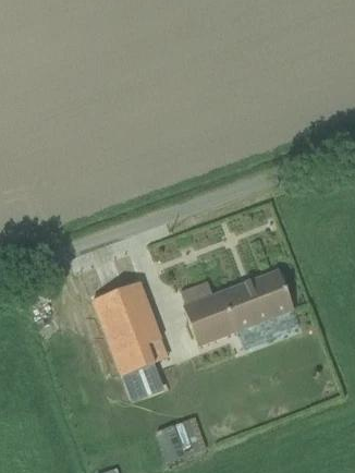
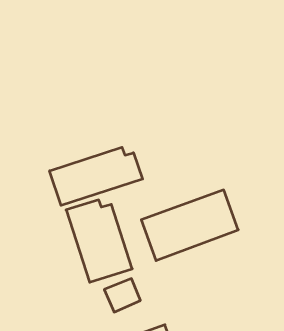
building: none -> [50,147,143,205]

